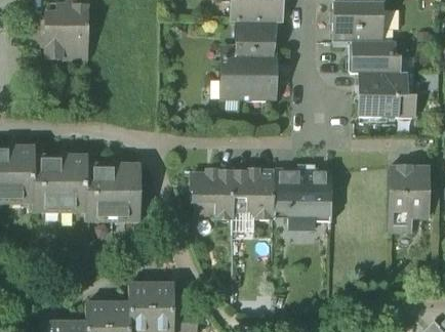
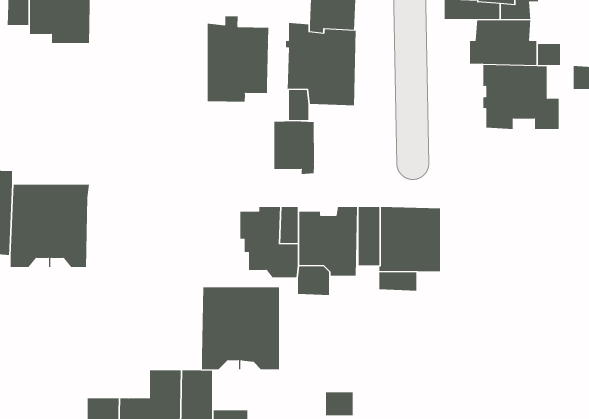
building: none -> [207,16,269,102]
building: none -> [274,121,314,175]
building: [86,164,140,221] -> [201,287,280,370]
building: [389,166,428,232] -> none

